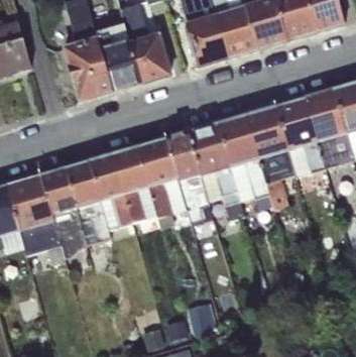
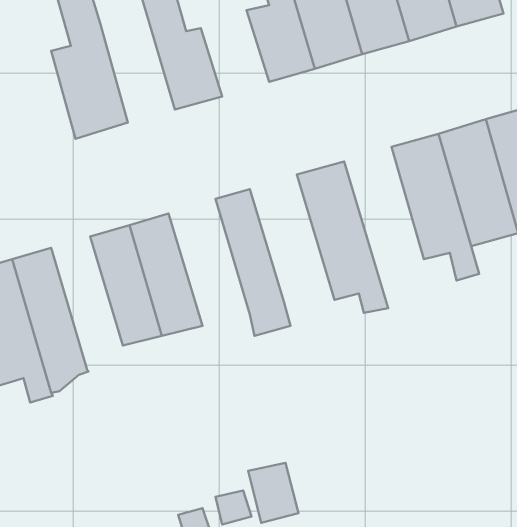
building: [95,21,141,91] -> none
building: [246,106,295,209] -> none
building: [188,123,244,216] -> none
building: [137,138,188,228] -> none
building: [65,161,112,244] -> none

